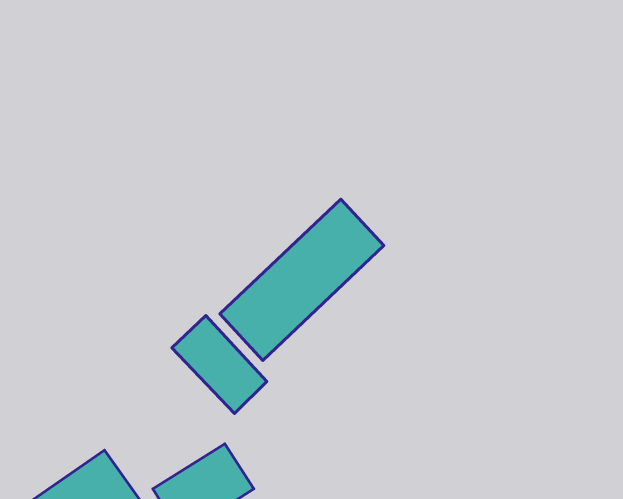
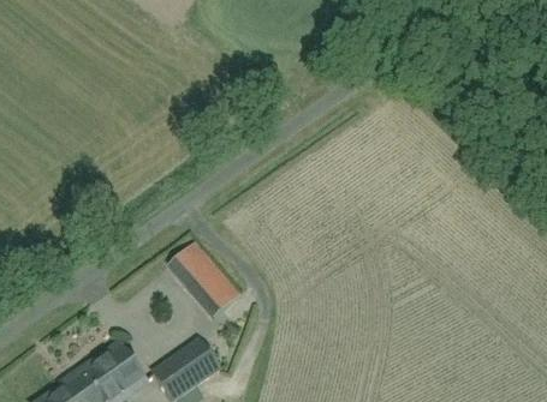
building: [220,199,384,360] -> none

